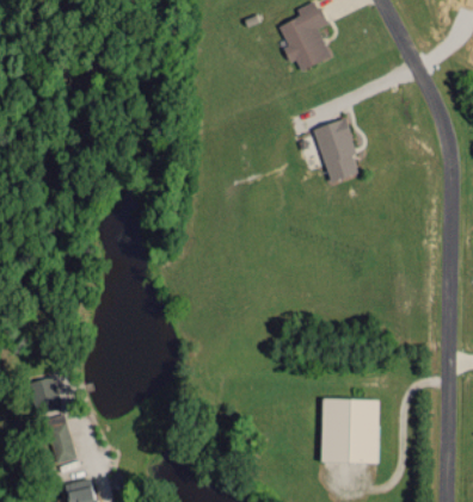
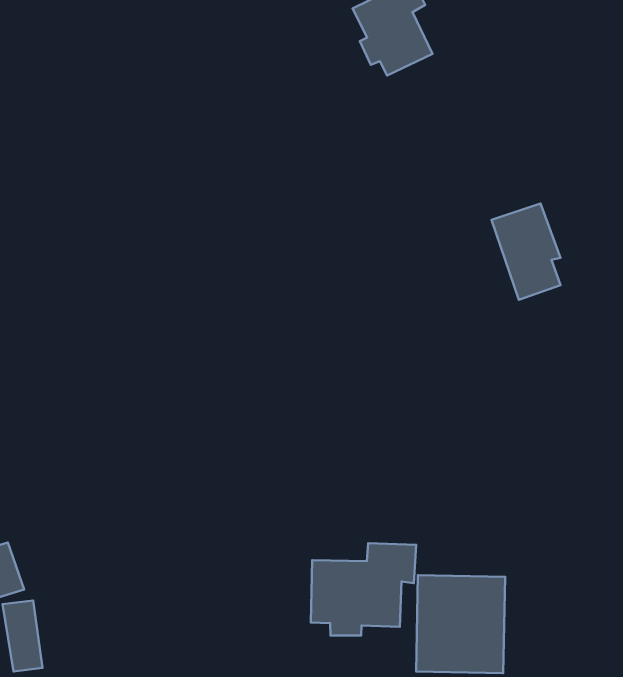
building: [312,119,357,182] -> [491,204,560,300]
building: none -> [311,543,416,635]

